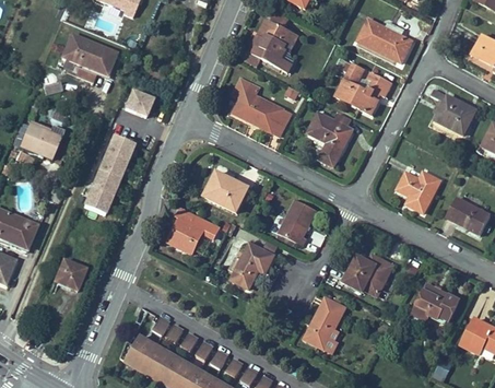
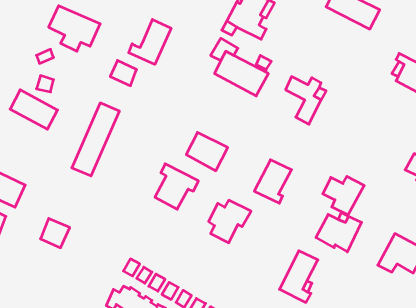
building: none -> [129,19,171,64]
building: [334,59,392,111] -> none
building: [392,168,437,210] -> [323,176,364,215]

